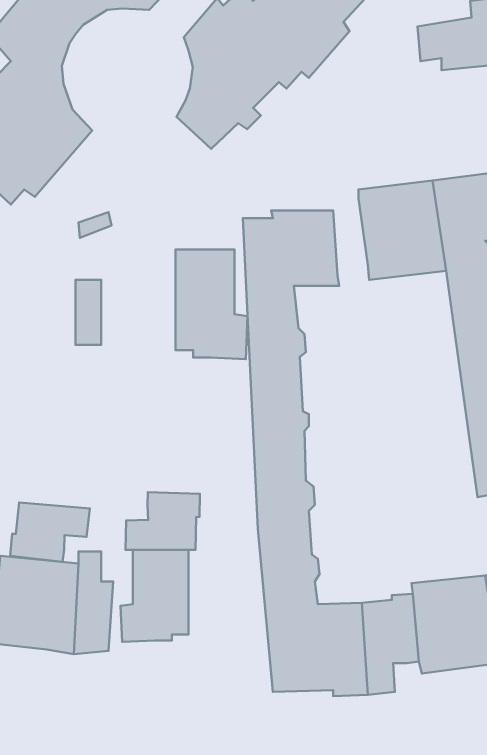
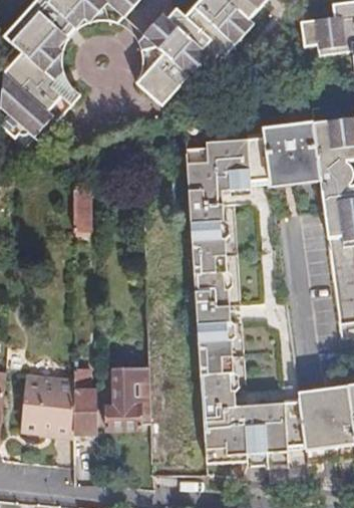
building: none -> [246,133,269,184]
building: [175,250,247,359] -> none
building: [125,492,200,550] -> none
building: [10,502,90,562] -> none

